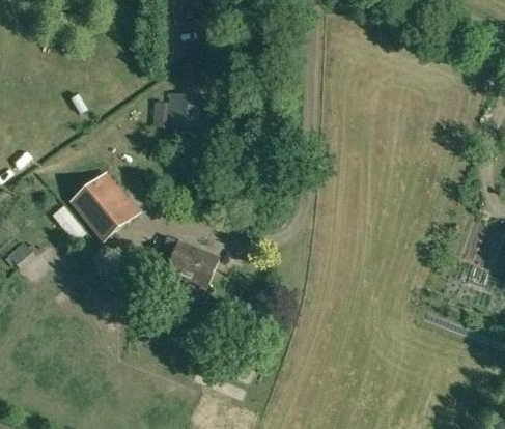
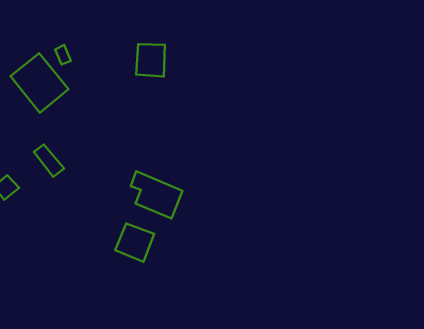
building: [71,172,136,239] -> [10,53,69,113]
building: none -> [115,223,154,262]

